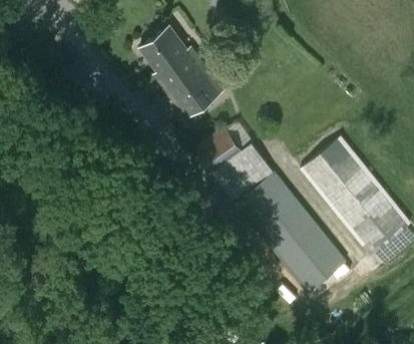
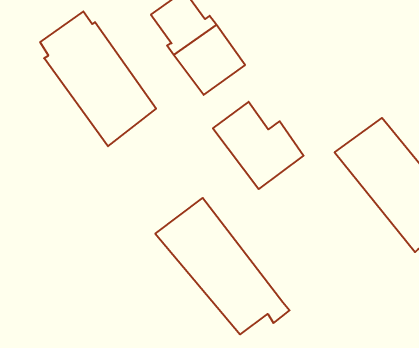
building: none -> [40,11,156,146]
building: [235,173,352,292] -> [155,198,290,334]

